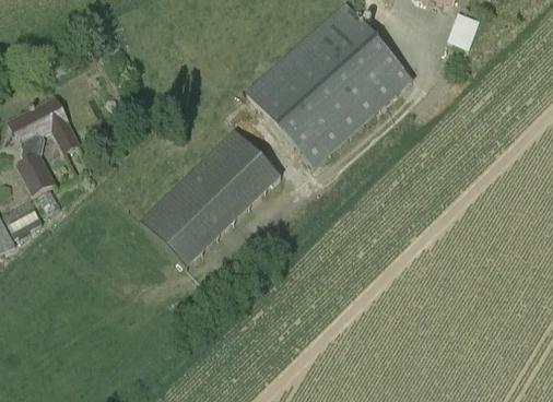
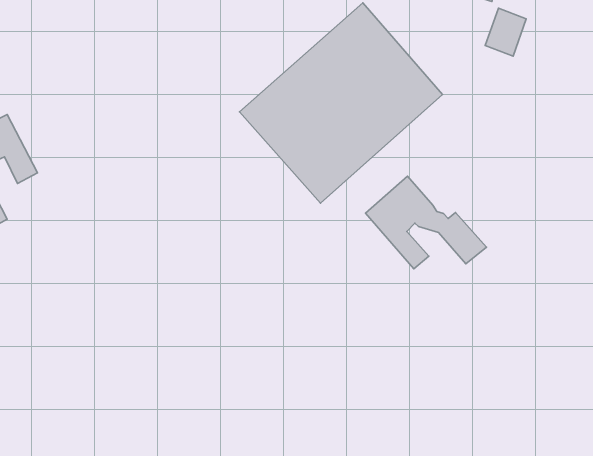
building: [140,128,280,265] -> none
building: none -> [366,176,486,269]

